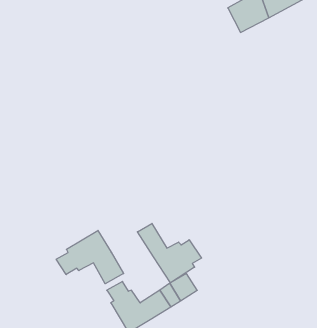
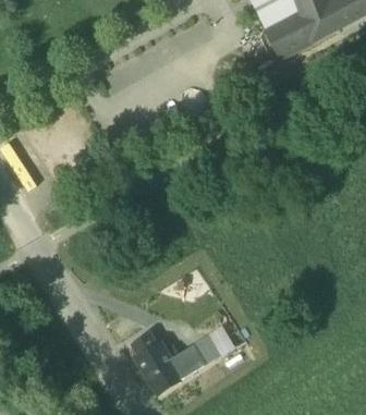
building: [137,223,202,283] -> none
building: [56,230,124,284] -> none

